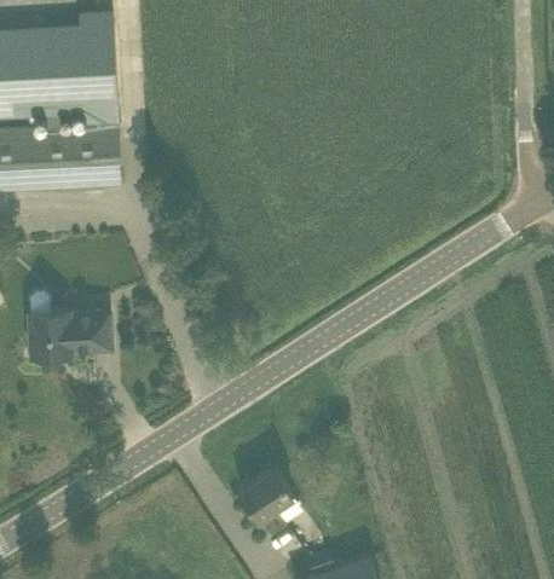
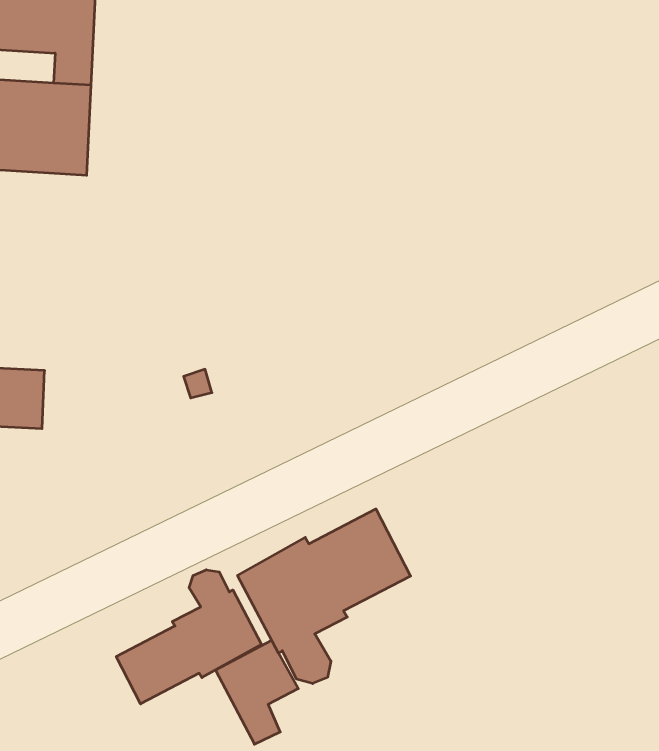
building: none -> [238,509,411,684]
building: none -> [116,570,261,704]

